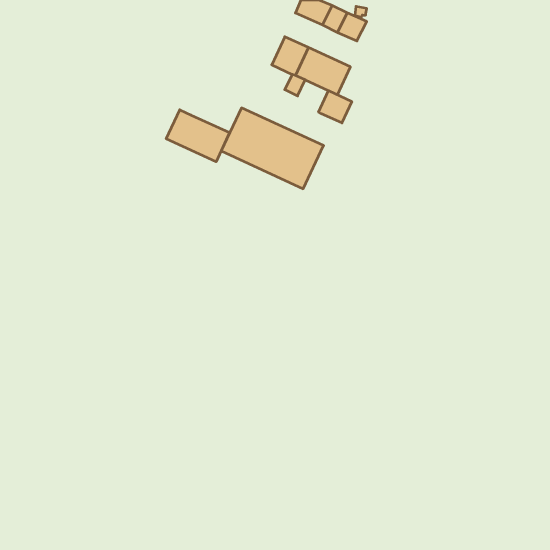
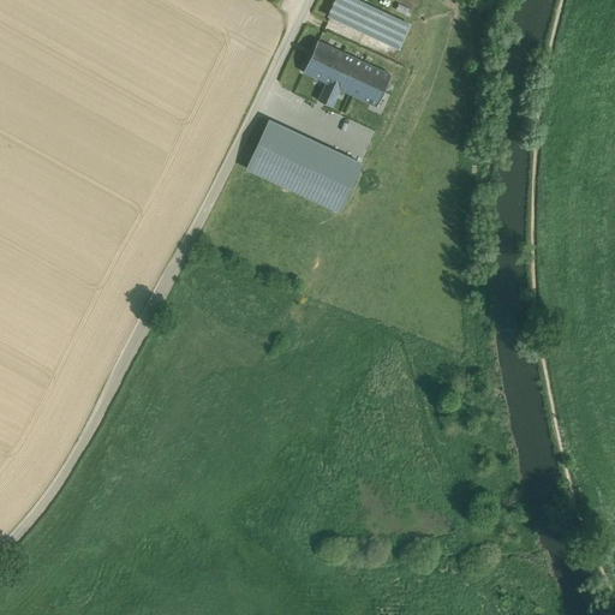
building: [319,91,352,123] -> none
building: [166,110,230,162] -> none

